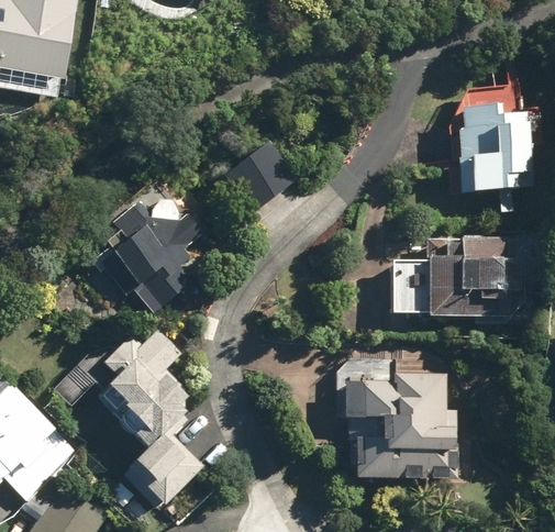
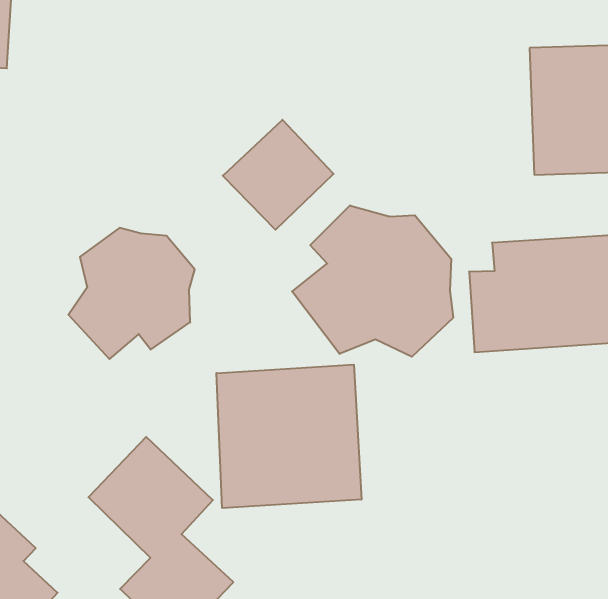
building: none -> [292,205,453,357]
building: none -> [216,365,361,508]
building: [336,353,469,480] -> none

